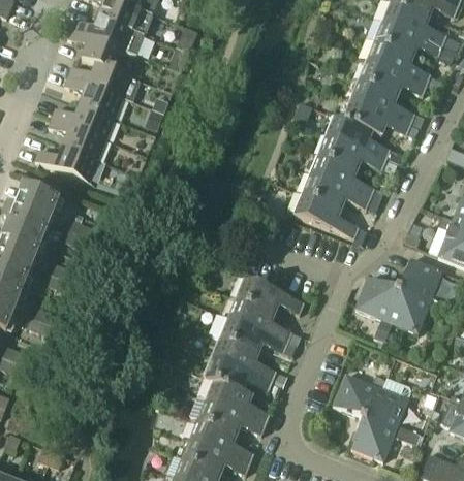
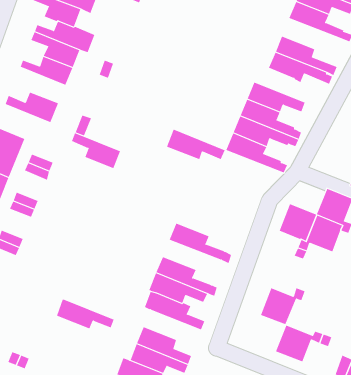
building: [359,60,428,96] -> none
building: [327,115,402,162] -> none
building: [50,117,107,159] -> [71,132,121,169]
building: [236,278,305,314] -> [166,129,226,160]
building: [220,318,288,353] -> none
building: [364,376,411,429] -> none
building: [197,399,266,435] -> [56,299,115,329]

